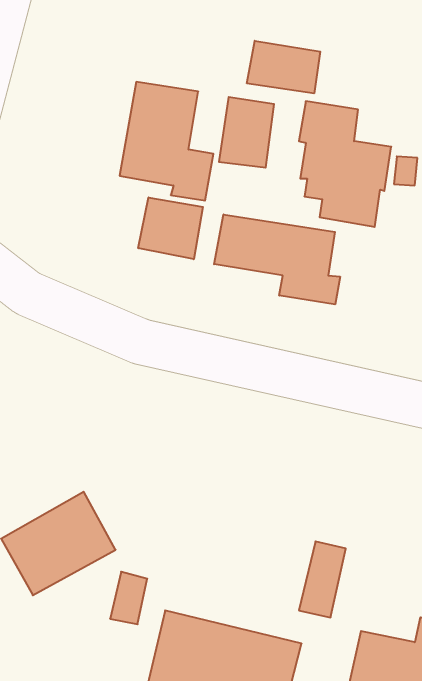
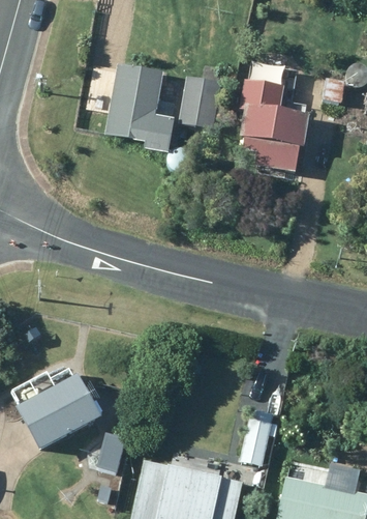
building: [247,41,320,93] -> none
building: [138,197,203,259] -> none
building: [214,214,340,304] -> none

